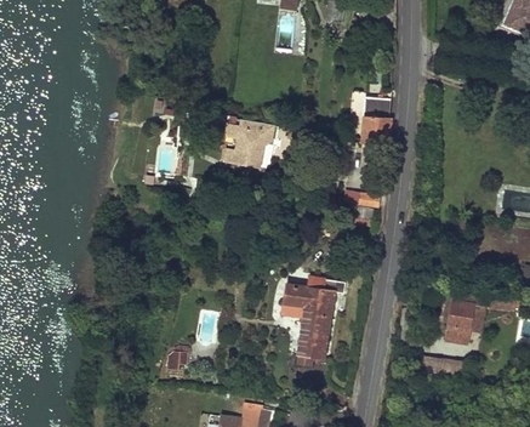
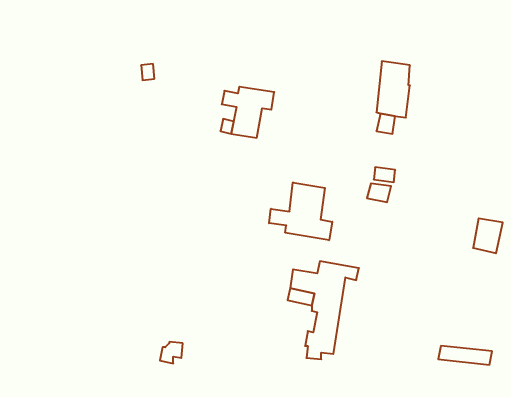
building: none -> [269,182,332,240]
building: [448,301,474,332] -> [473,218,503,253]

